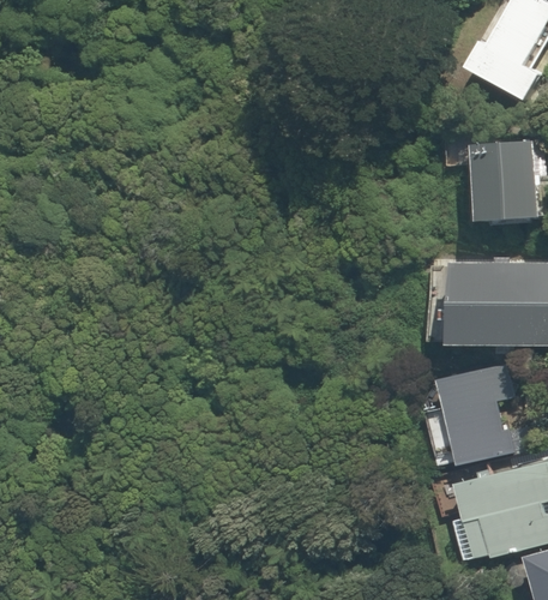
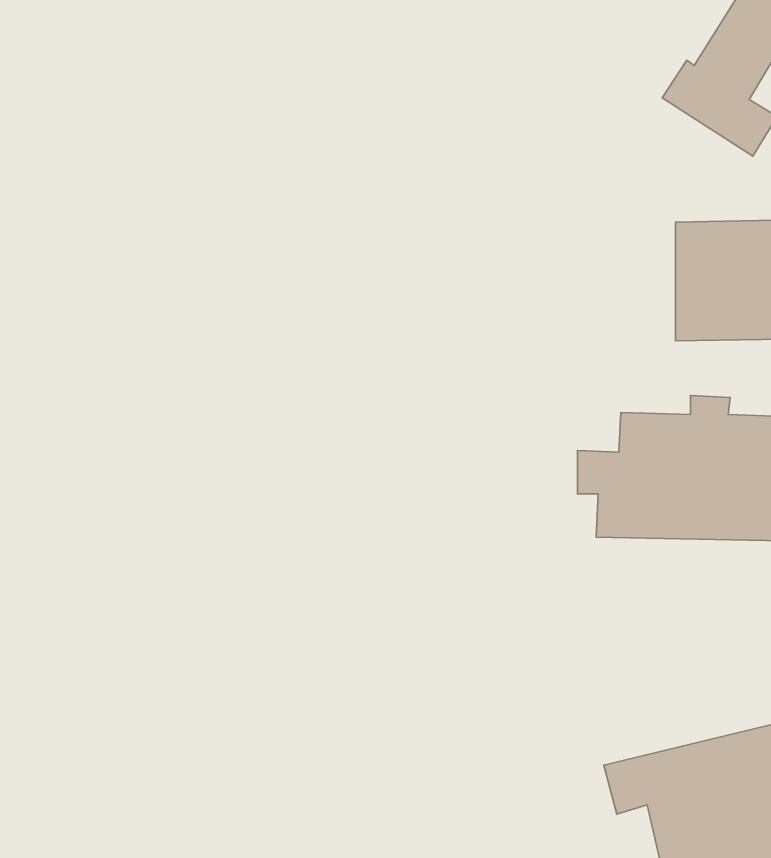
building: [429,361,519,470] -> none

